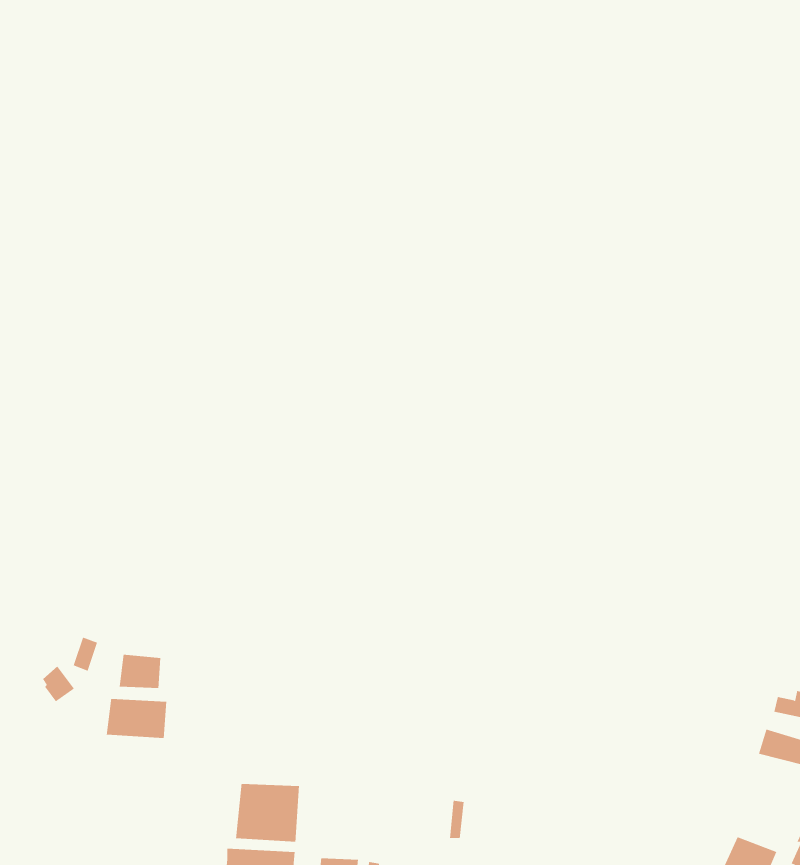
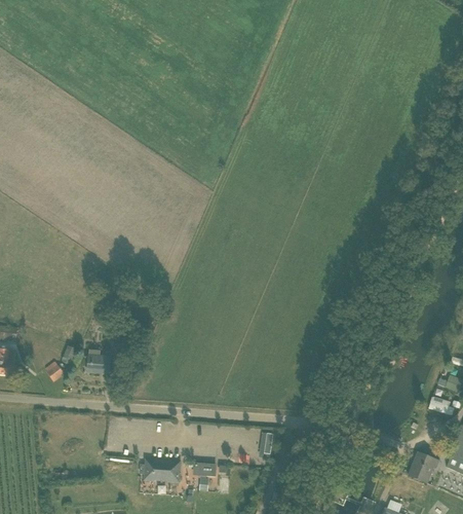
building: [106,698,167,739] -> none
building: [235,783,300,842] -> none

